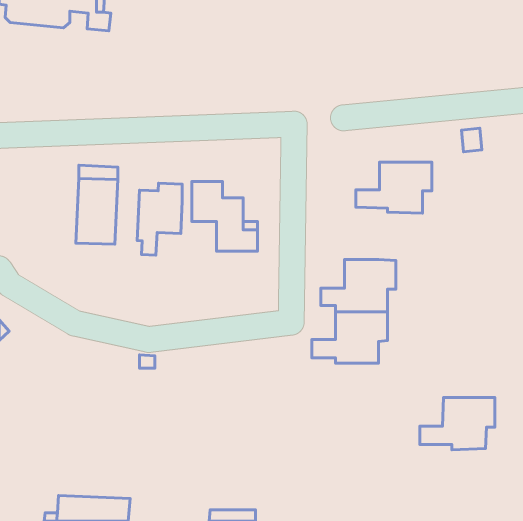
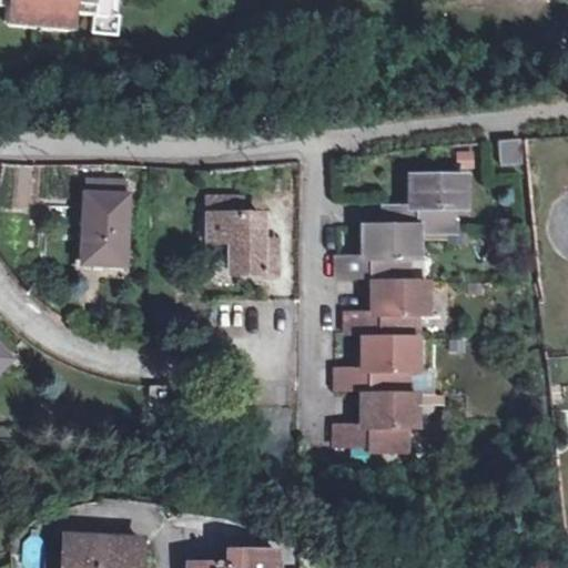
building: [137,183,182,255] -> none
building: none -> [337,224,419,281]
building: [420,397,495,450] -> [337,393,418,449]

